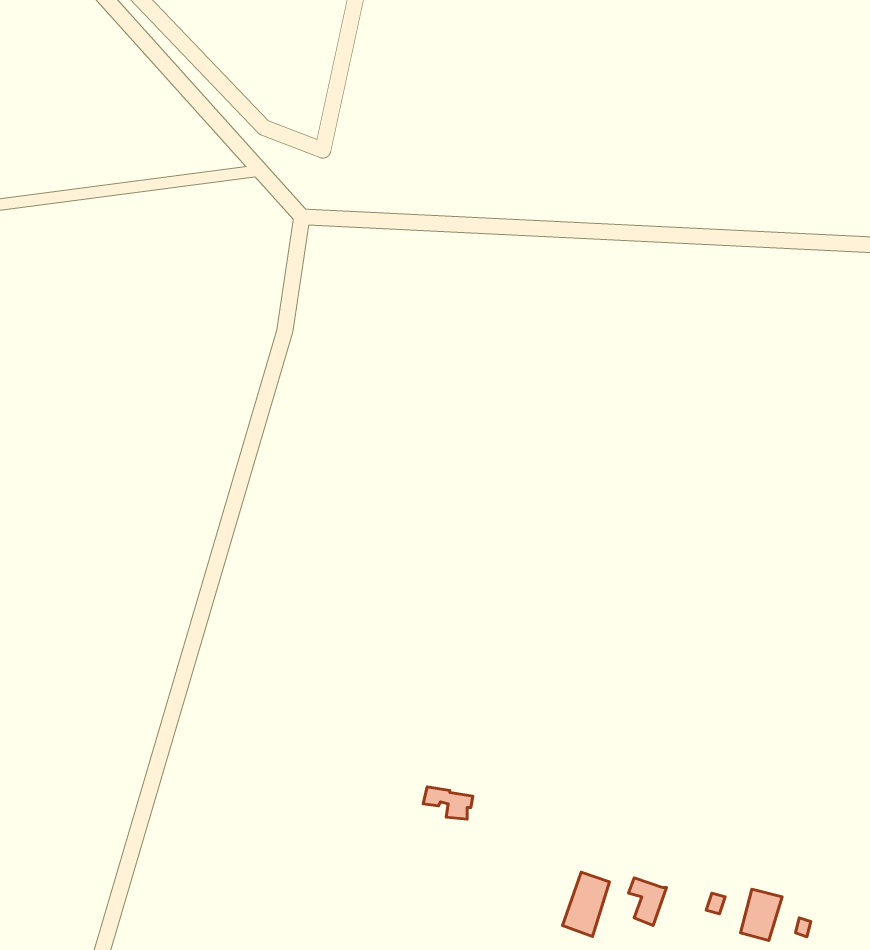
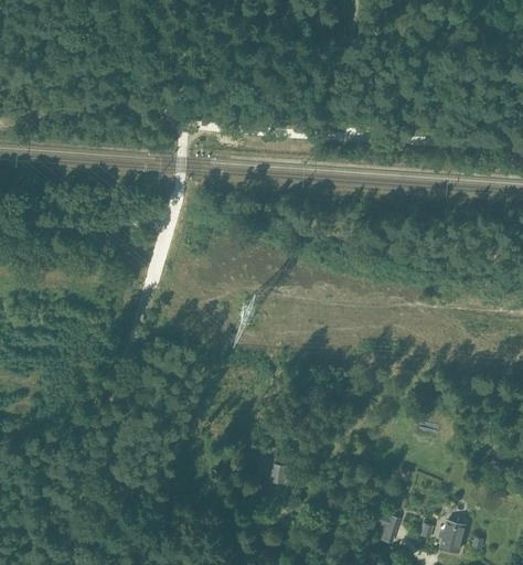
building: [563,872,610,936] -> none

